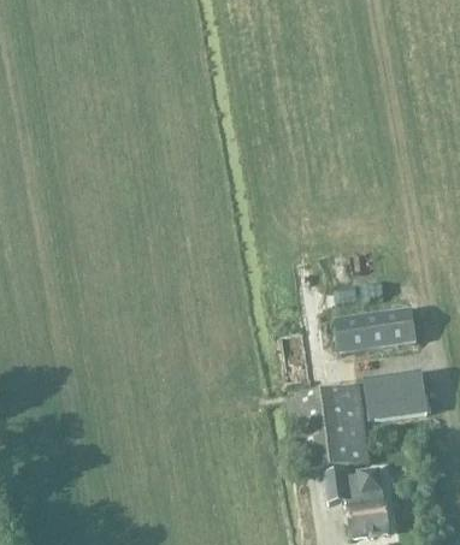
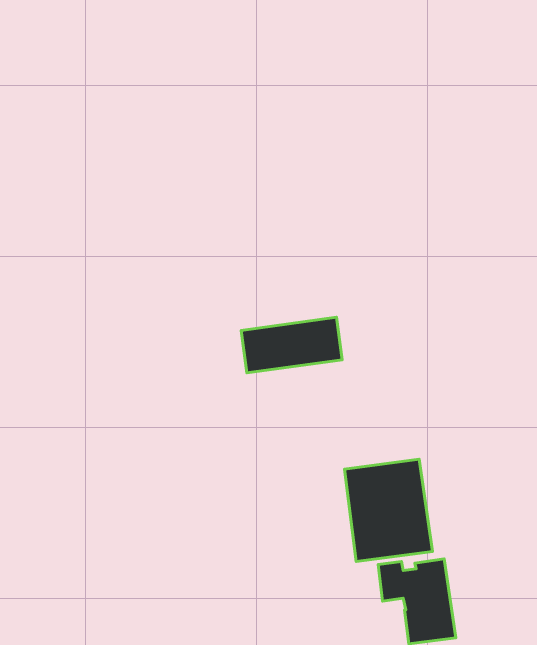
building: [335,307,418,353] -> [241,317,342,373]
building: [367,379,412,415] -> none

